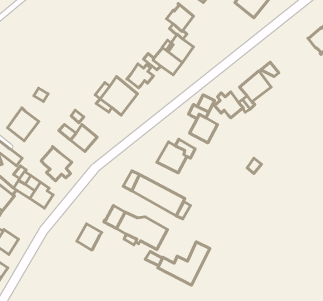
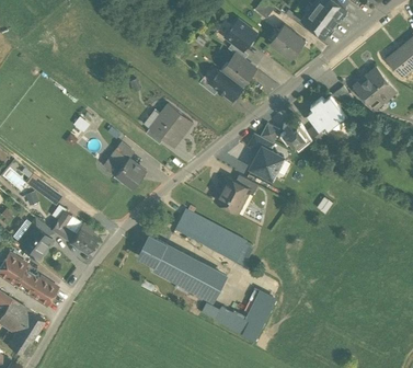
building: none -> [269,25,305,59]
building: none -> [356,67,395,107]
building: [127,64,153,88] -> none
building: [7,108,39,141] -> none
building: [41,147,72,181] -> none
building: [77,224,102,250] -> [138,237,167,266]

